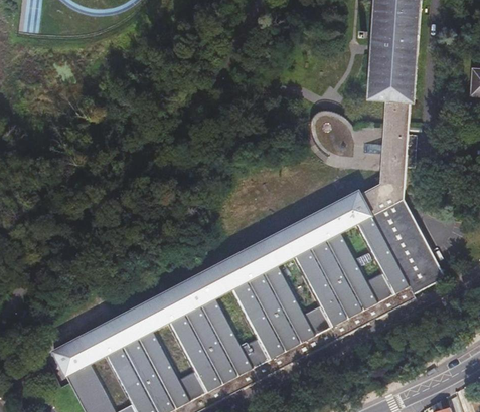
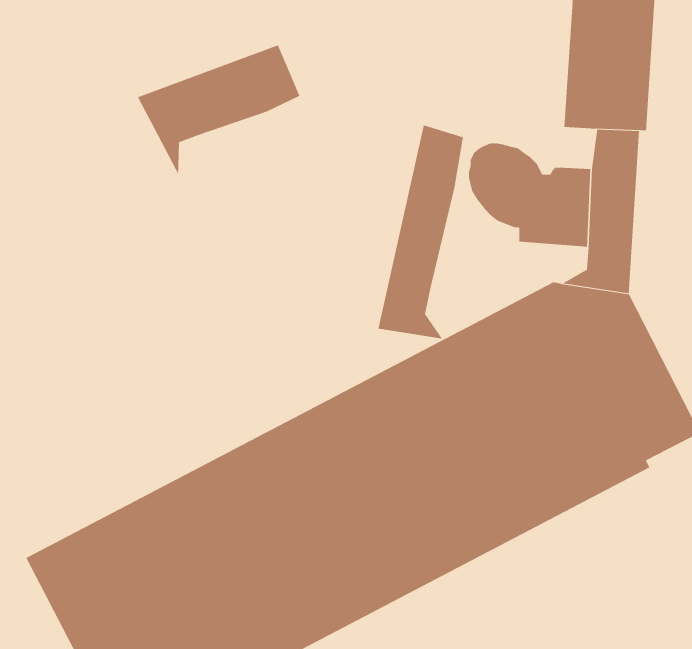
building: none -> [137,44,300,176]
building: none -> [378,124,464,339]

